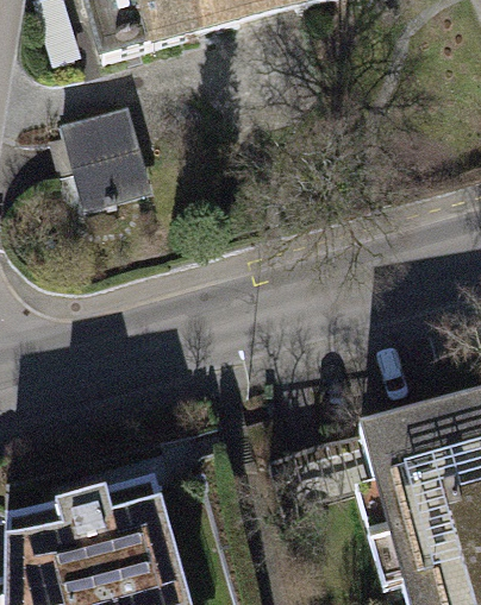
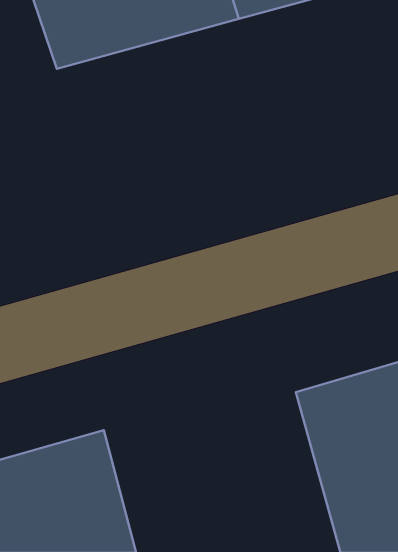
building: [52,105,155,218] -> none

